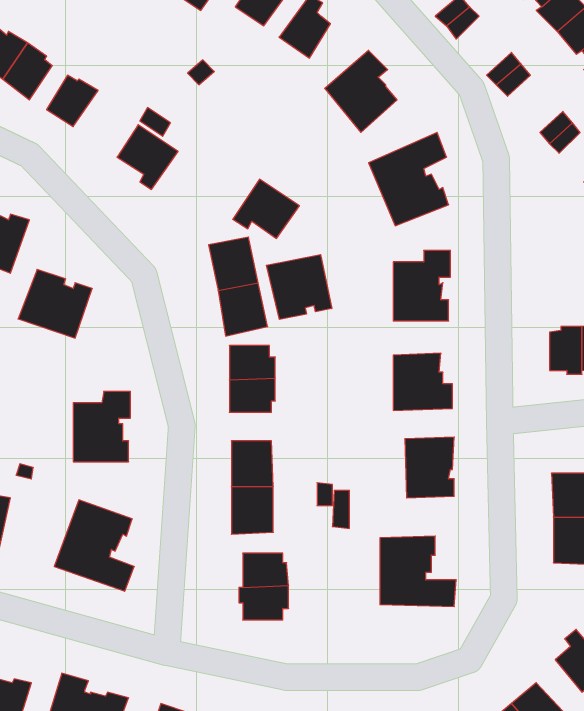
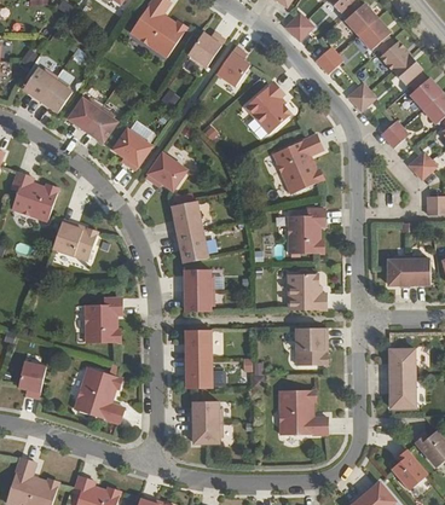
building: none -> [85,106,116,141]
building: [233,179,299,238] -> [144,151,186,188]
building: [266,255,332,319] -> none

